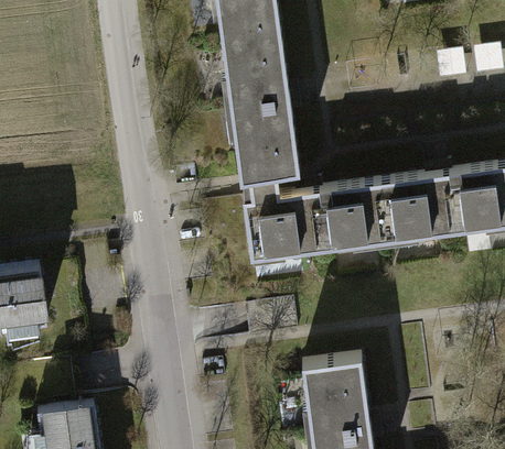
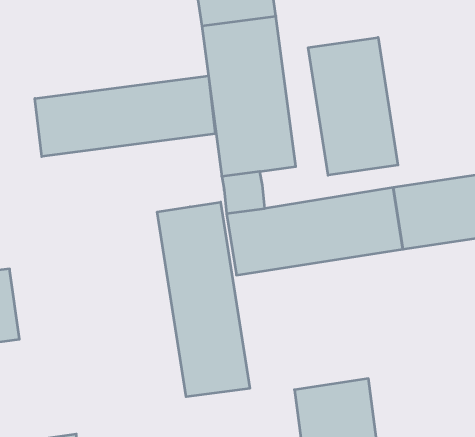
building: none -> [308,37,398,175]
building: none -> [35,76,215,157]
building: none -> [157,202,250,397]

